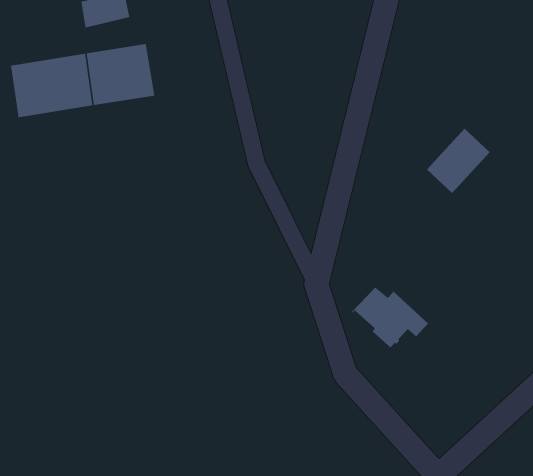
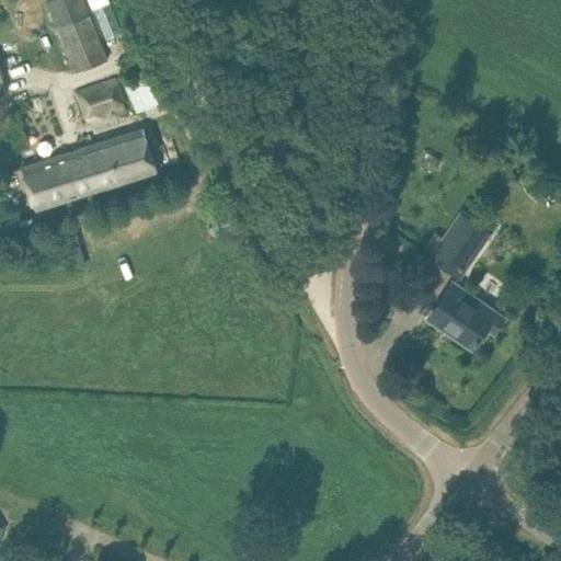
building: [426,128,491,194] -> [431,217,488,279]
building: [351,287,429,349] -> [428,294,502,348]

